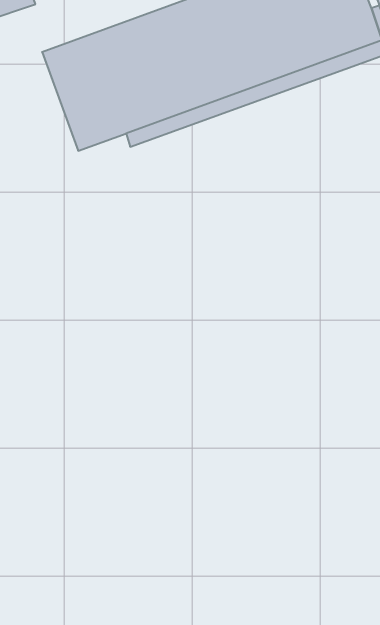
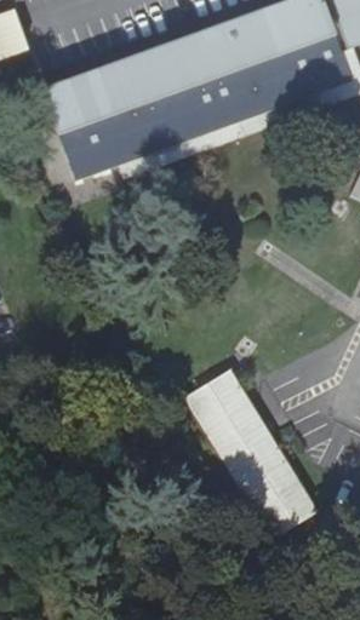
building: none -> [181,368,318,539]

